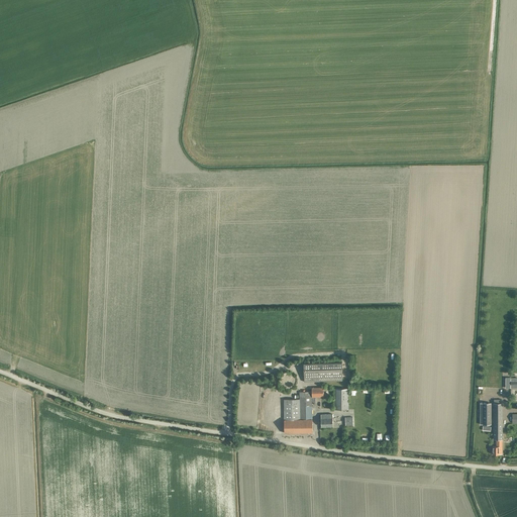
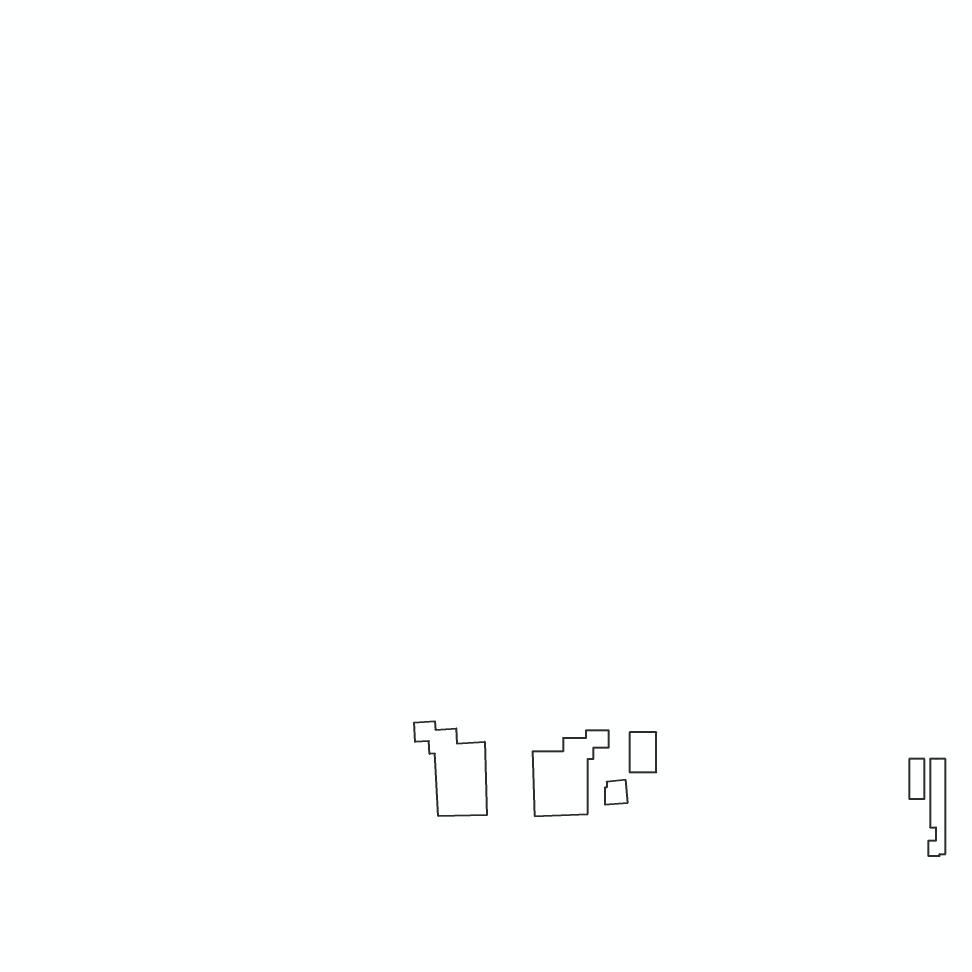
building: [304,363,342,382] -> none
building: none -> [414,721,487,816]

